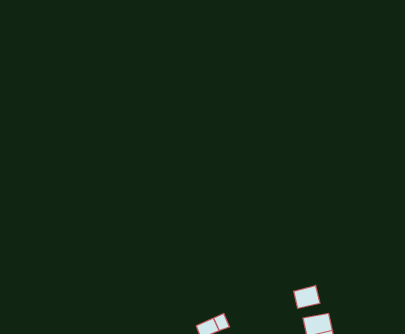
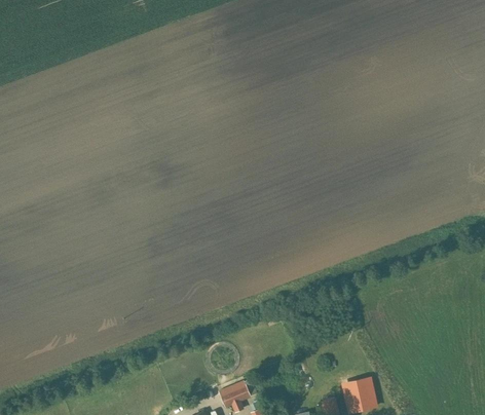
building: [294,285,320,308] -> none

